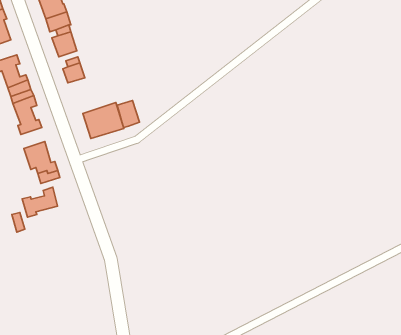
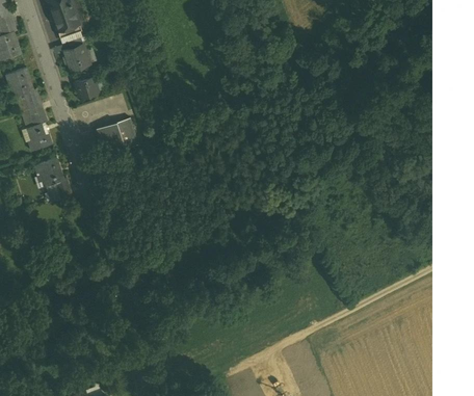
building: [117,101,139,128] -> none
building: [22,187,57,217] -> none

